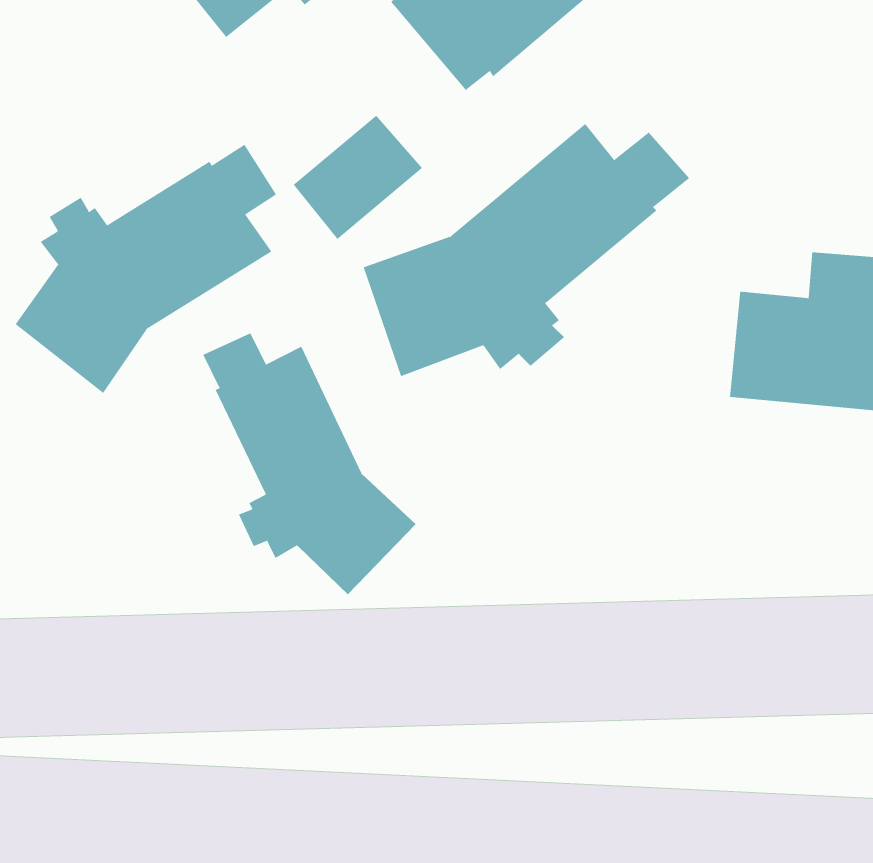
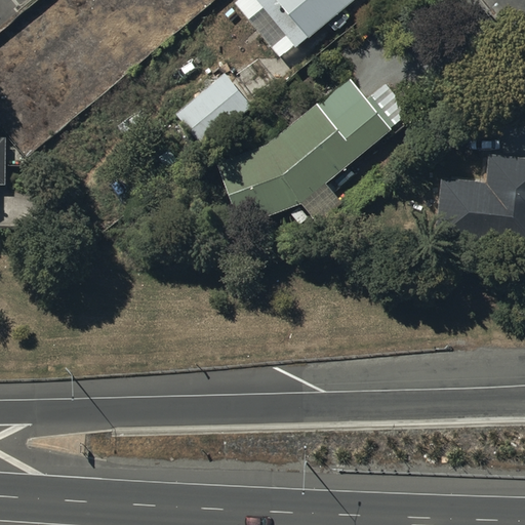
building: [15,144,277,394] -> none
building: [202,333,417,595] -> none

